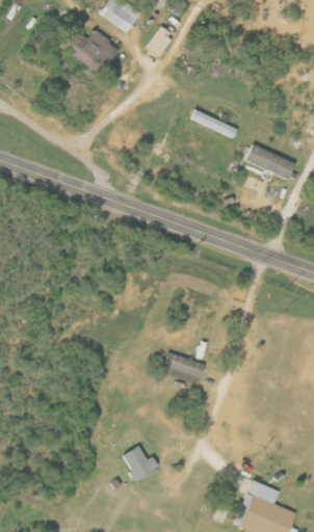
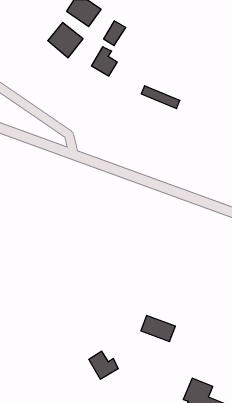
building: none -> [91,47,117,76]
building: [245,143,295,180] -> none
building: [162,351,206,384] -> [141,315,175,342]

